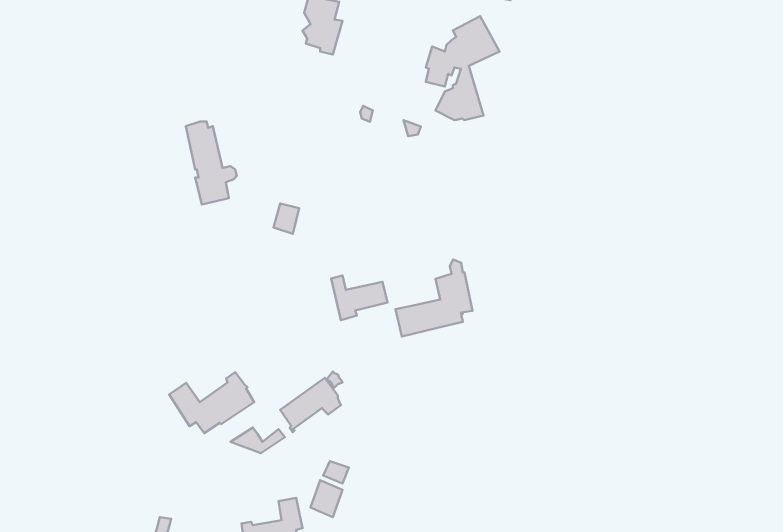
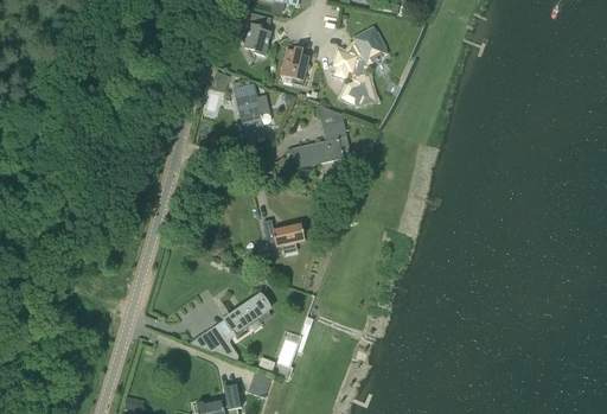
building: none -> [281,45,309,84]
building: [186,121,237,205] -> [234,78,271,140]
building: [396,260,472,336] -> [293,110,350,167]
building: [169,372,254,433] -> none

